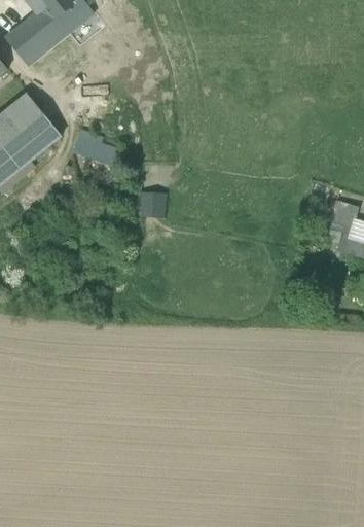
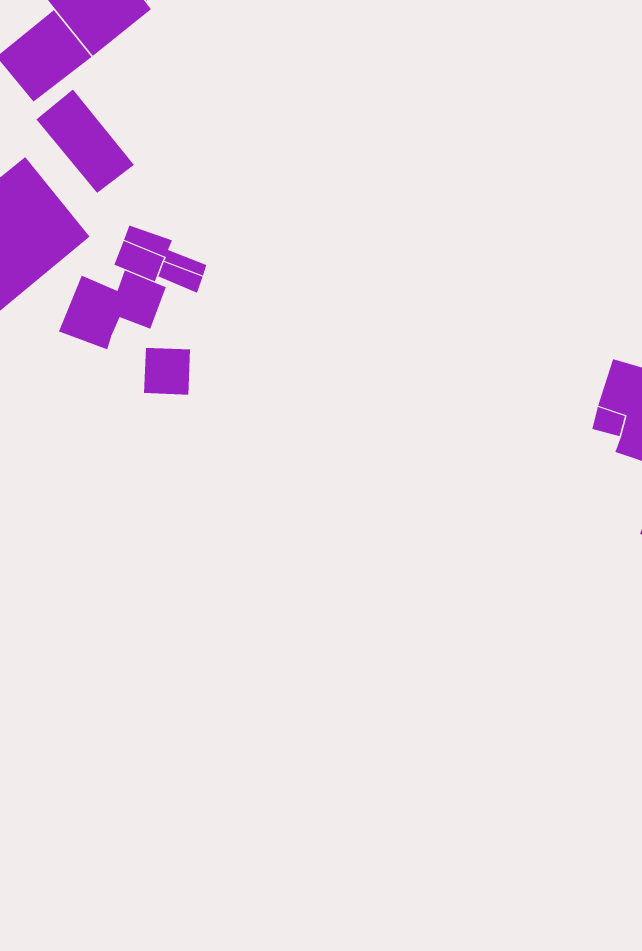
building: none -> [35,88,135,194]
building: none -> [58,270,167,350]
building: [141,190,167,216] -> [143,347,191,395]

